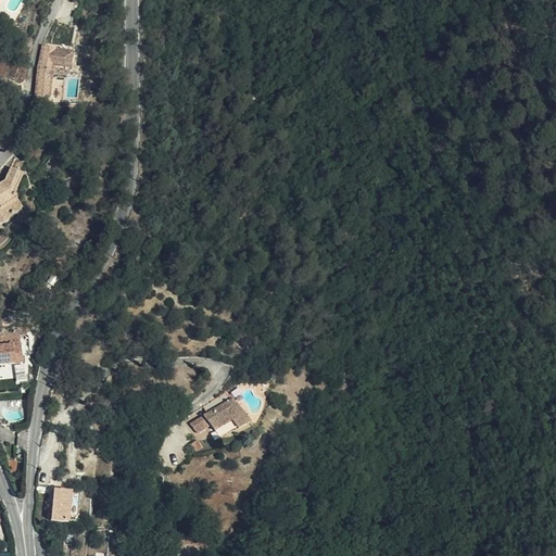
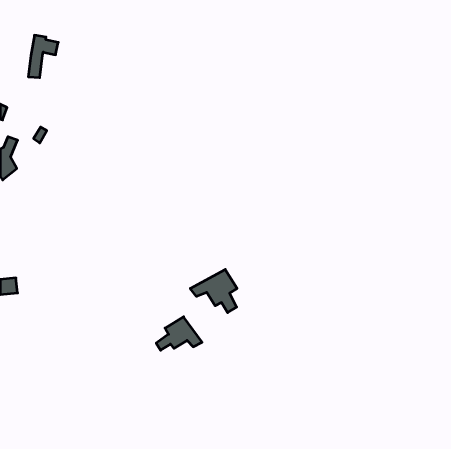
building: none -> [190,269,237,313]
building: [51,491,79,521] -> none

